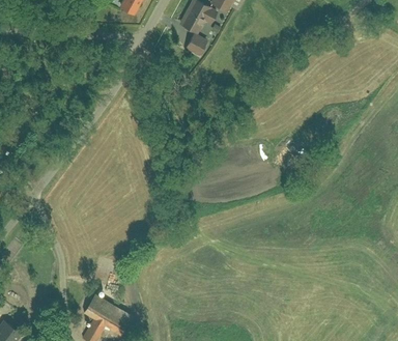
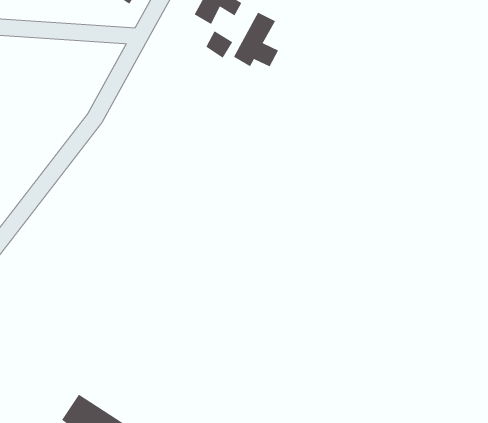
building: none -> [233,12,279,67]

